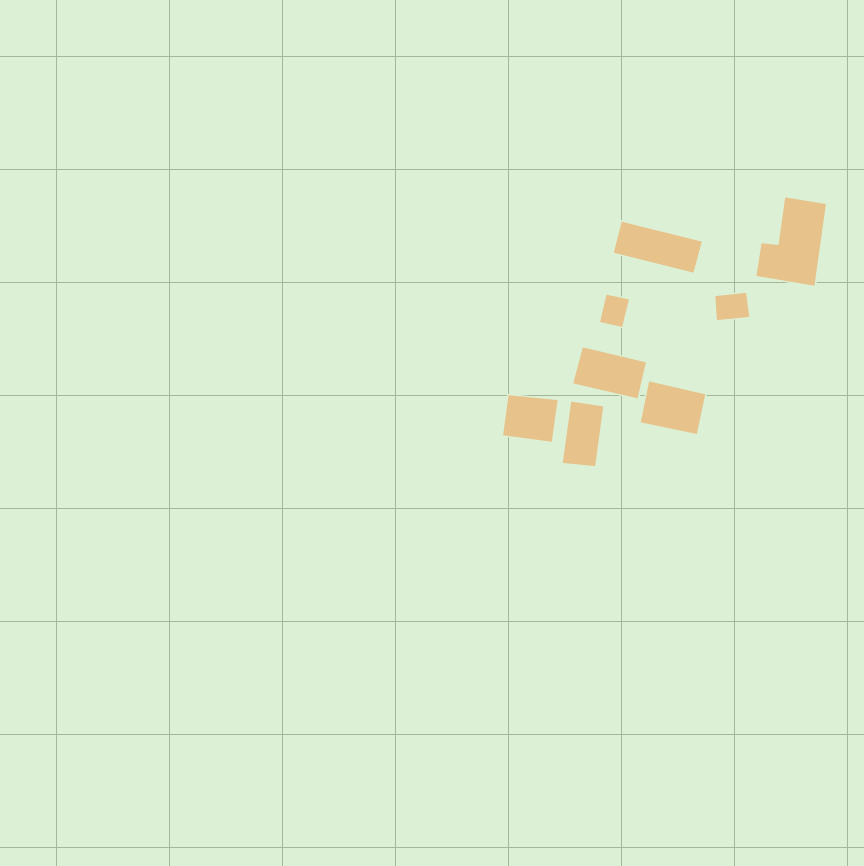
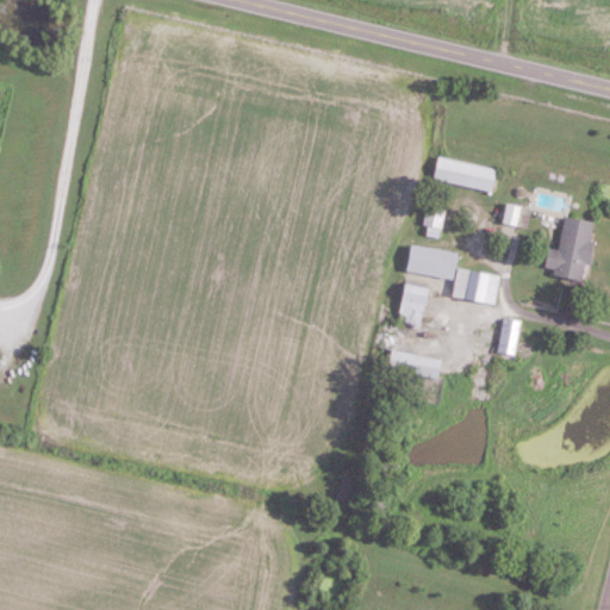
building: [756,197,827,287] -> [543,217,593,280]
building: [502,394,559,443] -> none
building: none -> [497,318,521,355]

